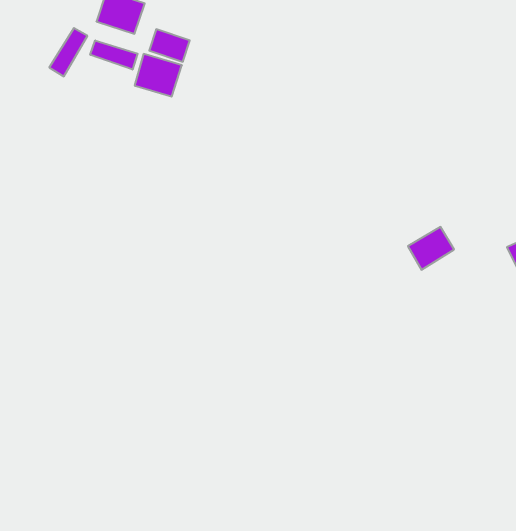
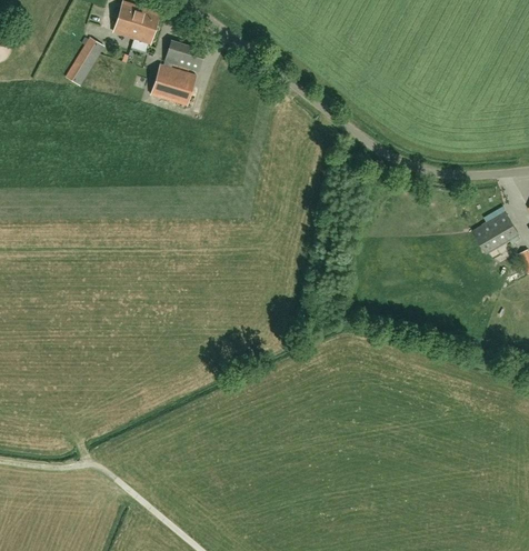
building: [90,40,138,70] -> none
building: [408,227,454,270] -> [473,212,519,254]

